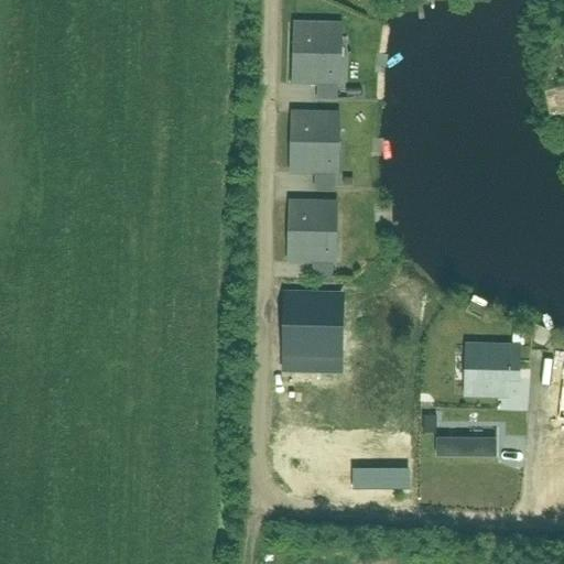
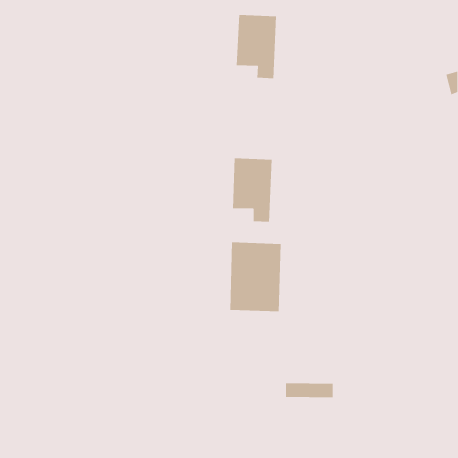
building: [289,107,338,185] -> none
building: [469,346,529,399] -> none
building: [438,436,499,455] -> none

